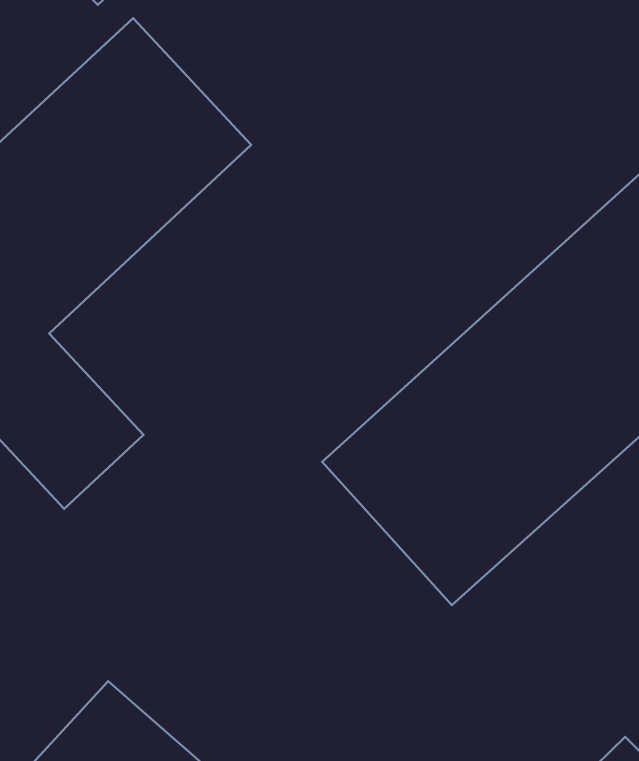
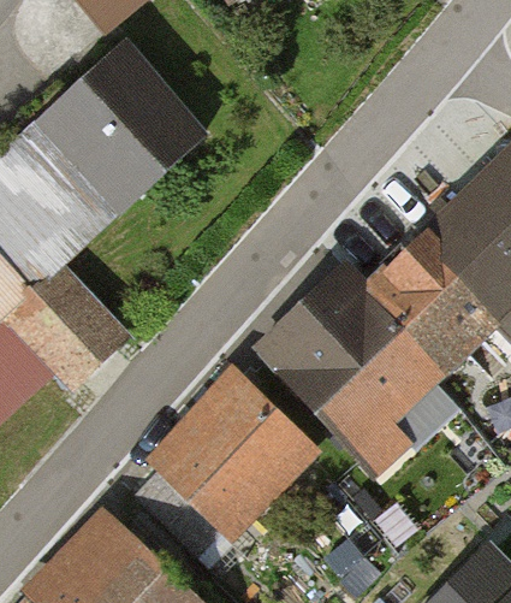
building: none -> [149,371,320,542]

